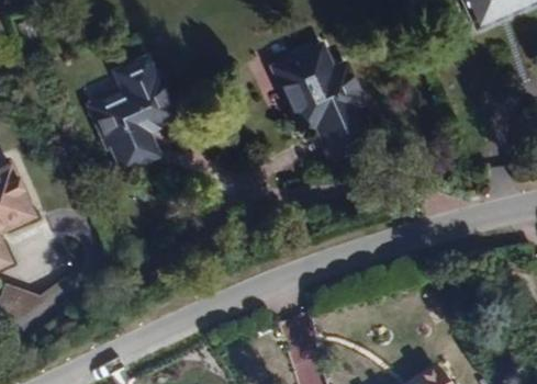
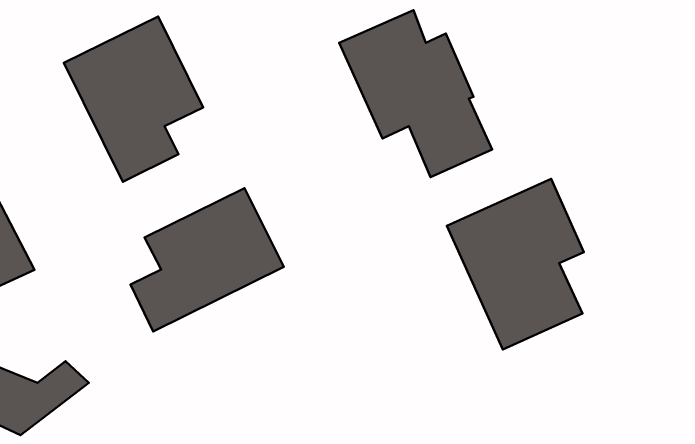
building: none -> [447,179,584,349]
building: none -> [130,188,284,331]

